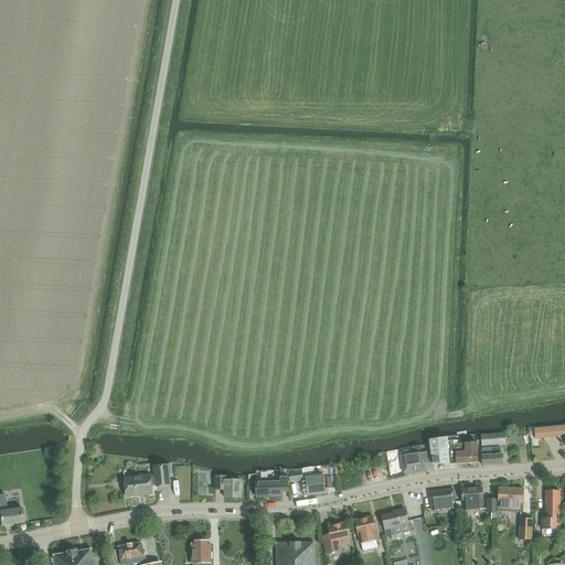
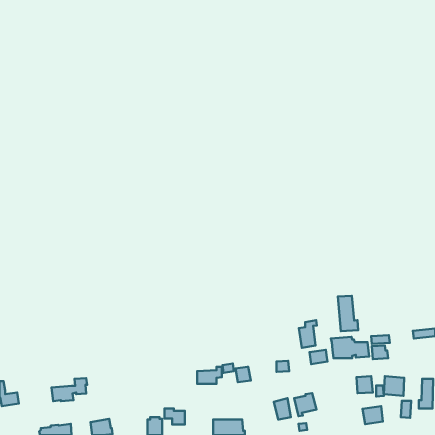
building: none -> [338,296,358,331]
building: none -> [299,320,317,348]
building: [124,465,170,494] -> [51,378,87,401]
building: [214,476,241,497] -> [164,408,185,425]
building: [428,488,455,511] -> [362,406,383,424]
building: [322,522,349,554] -> none

